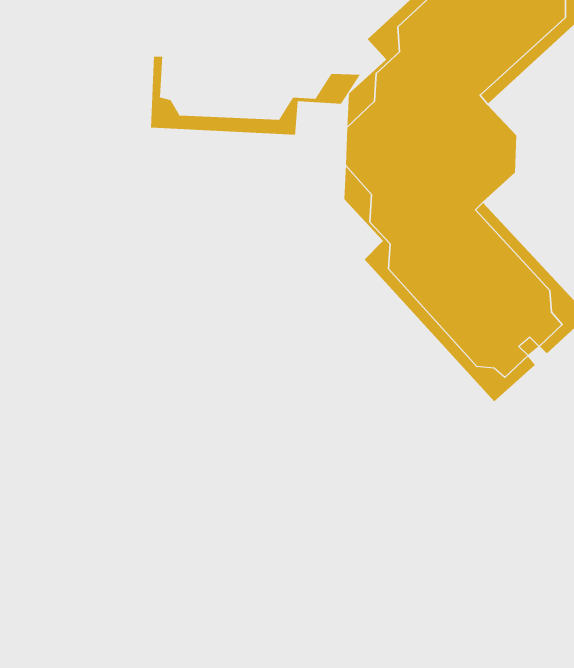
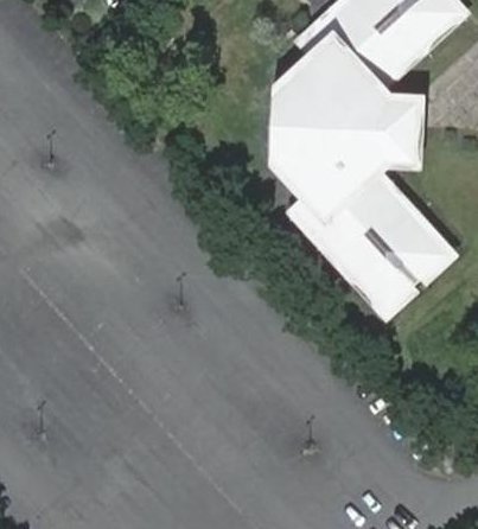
building: [151,56,361,136] -> none
building: none -> [377,94,425,170]

